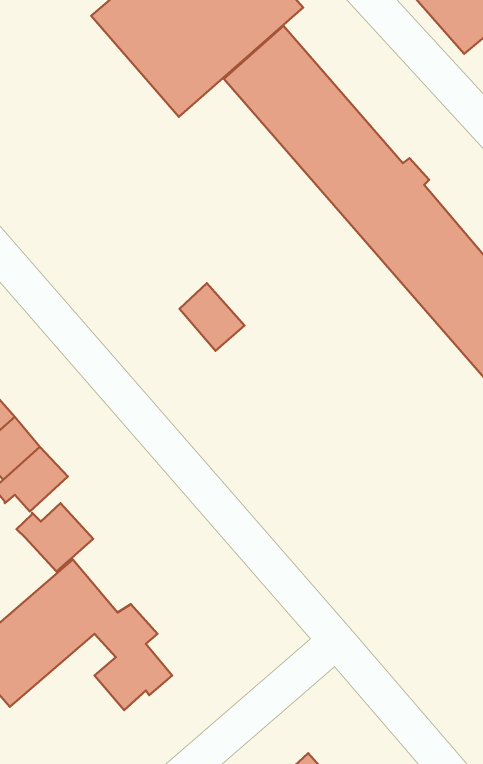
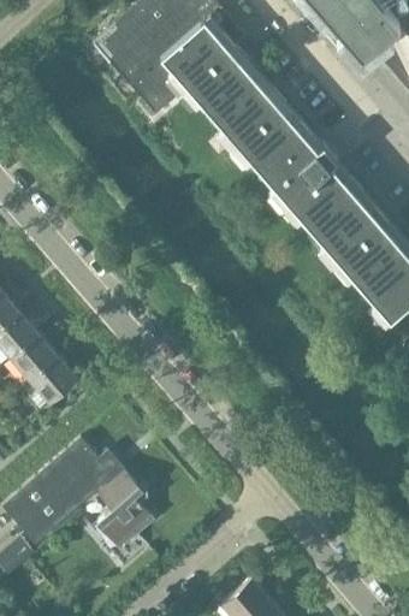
building: [180,283,244,351] -> none
building: [17,503,93,572] -> none

